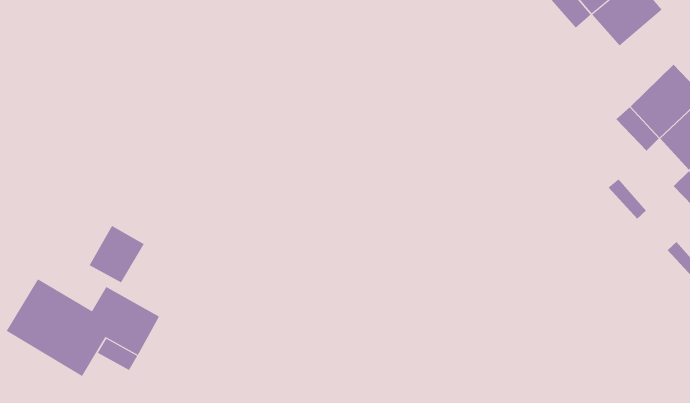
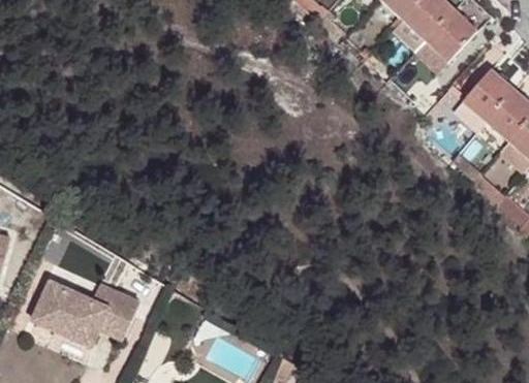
building: [89,225,145,283] -> none

